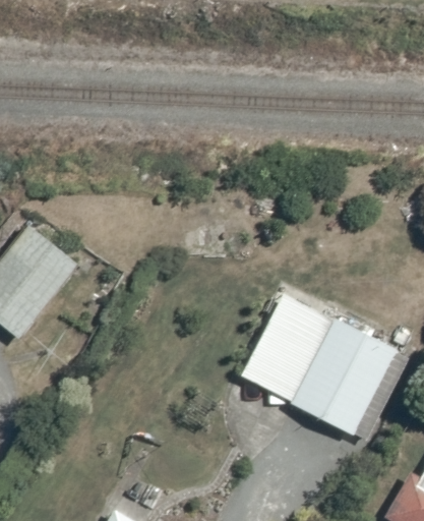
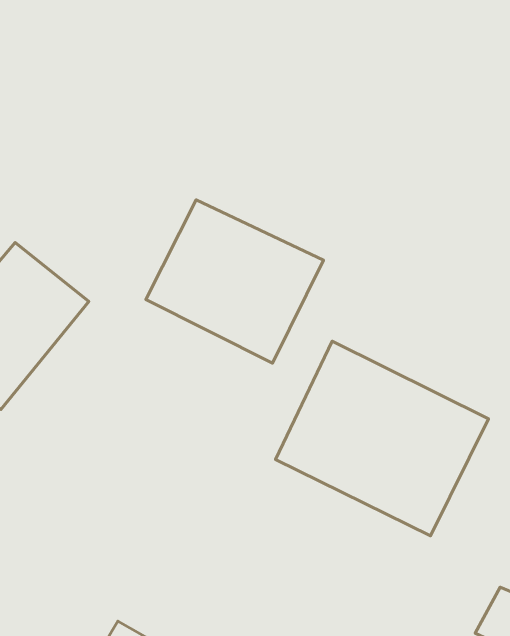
building: none -> [146,200,323,363]

